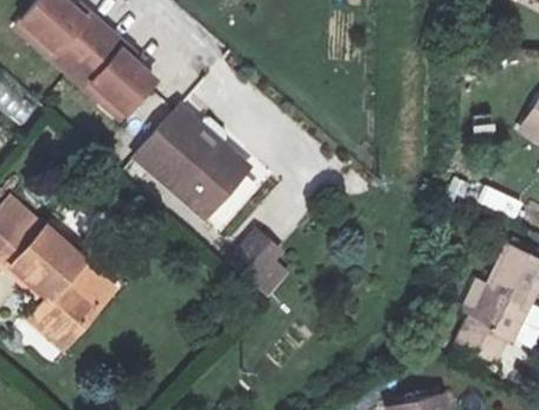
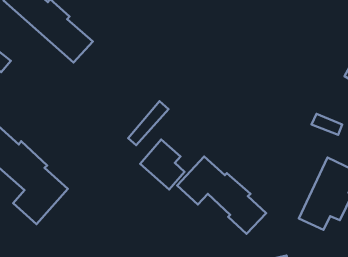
building: [139,105,243,214] -> none
building: none -> [177,156,266,234]

